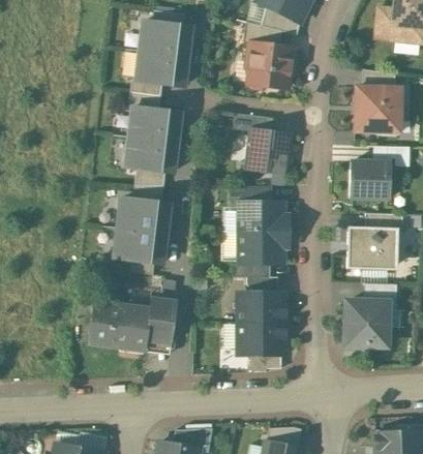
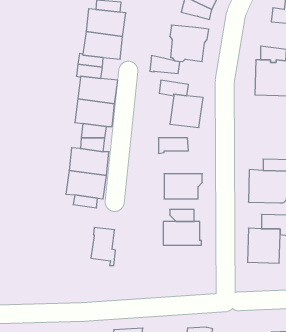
building: [243,24,281,47] -> [150,56,180,73]
building: [350,162,390,199] -> none
building: [239,204,288,233] -> none
building: [233,262,270,278] -> none
building: [88,304,150,351] -> none
building: [238,324,286,356] -> none

